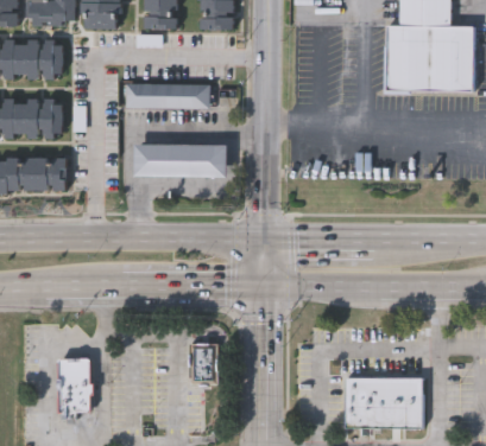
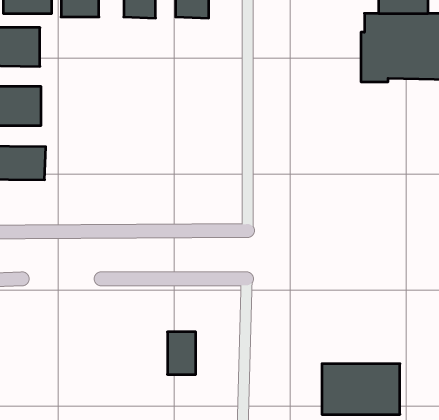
building: [126,82,210,108] -> none
building: [134,144,228,177] -> none
building: [59,361,91,416] -> none

